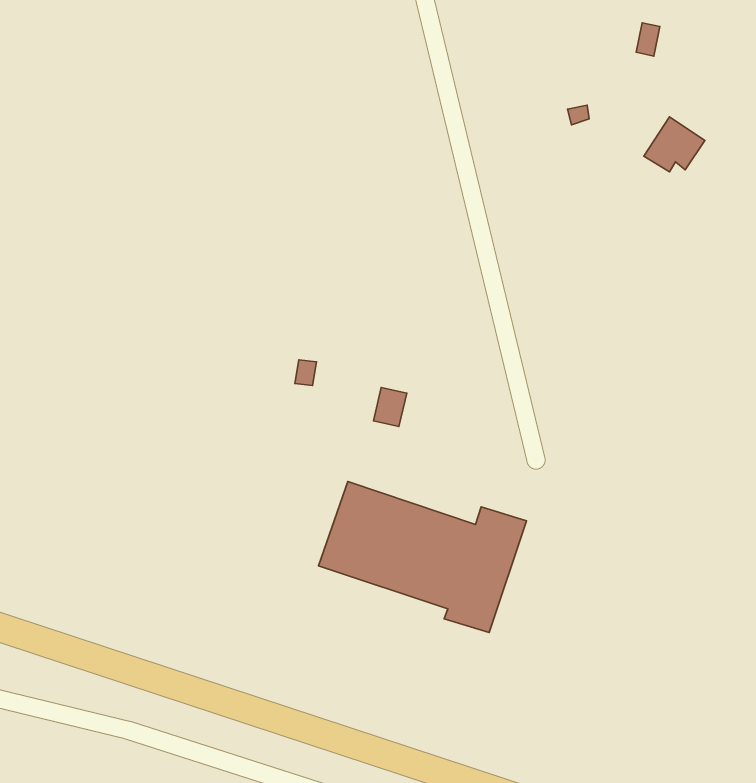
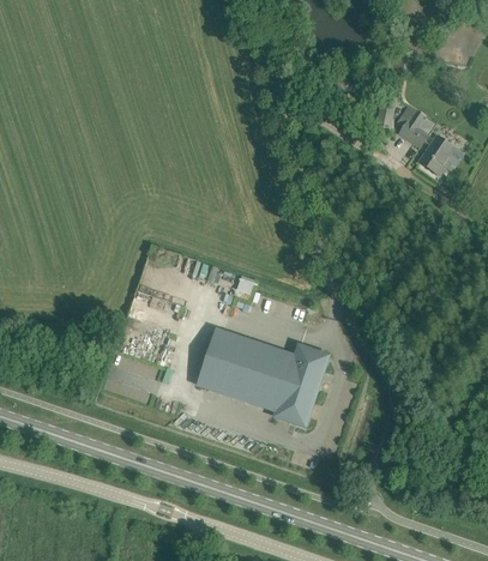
building: none -> [418,135,452,175]

